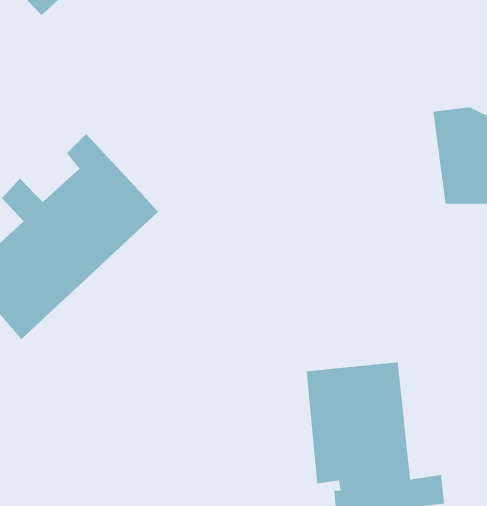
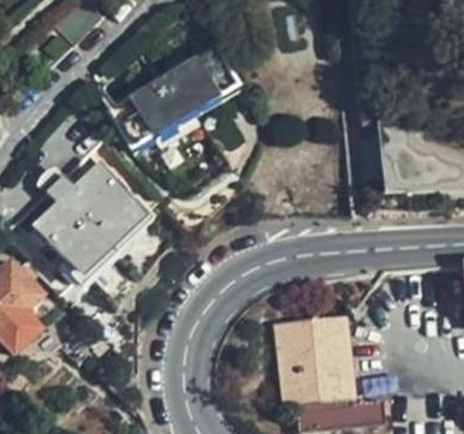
building: none -> [109,43,237,144]

